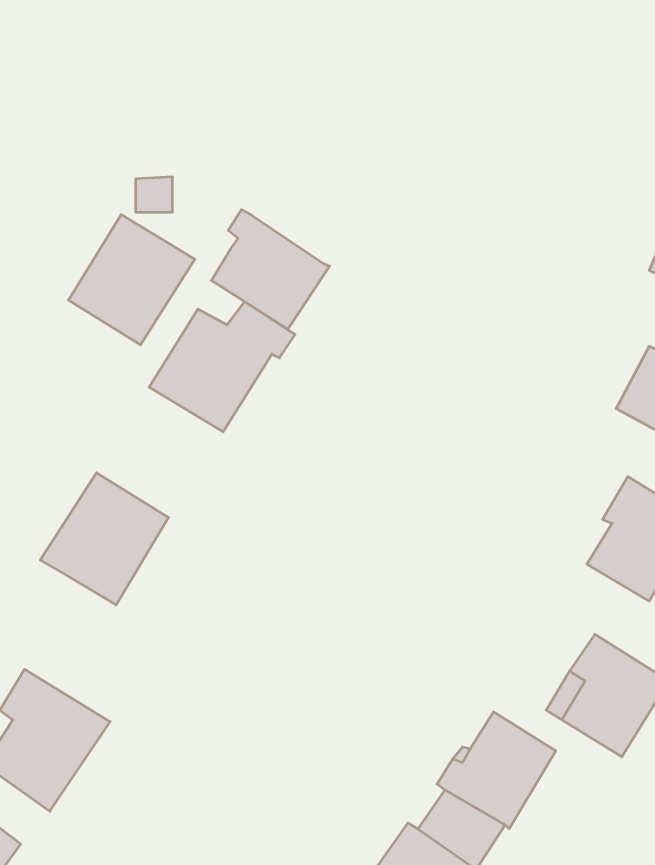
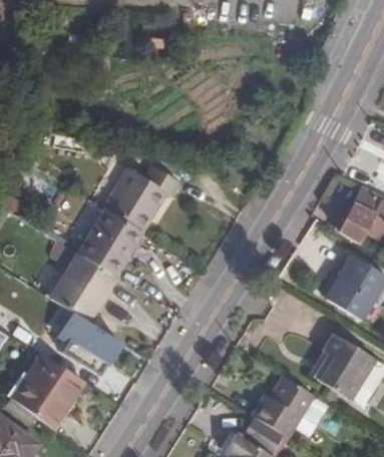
building: [211,210,330,329] -> none
building: [68,215,195,345] -> [78,208,143,276]
building: none -> [43,306,118,371]

